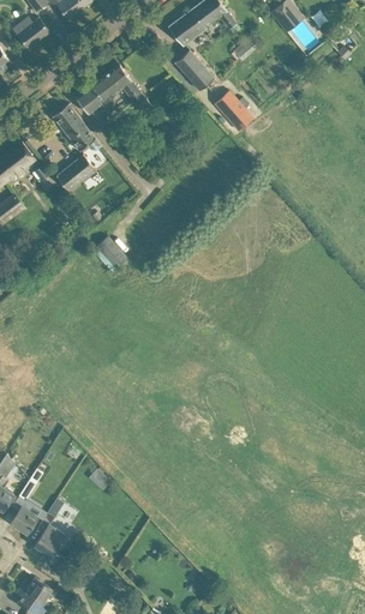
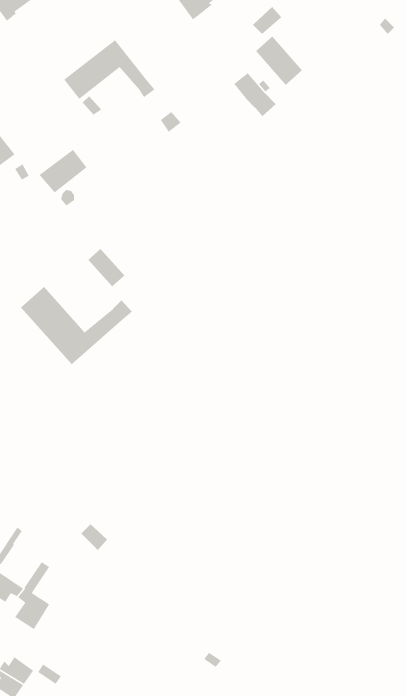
building: [174,48,214,90] -> [255,35,303,86]
building: [52,103,102,151] -> none
building: none -> [20,286,133,365]

